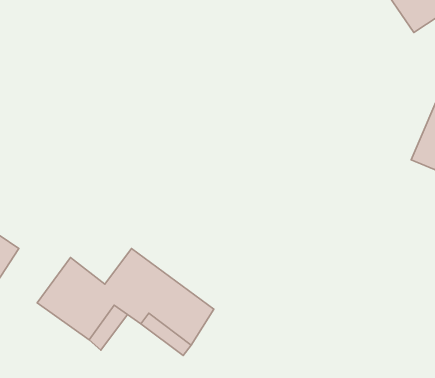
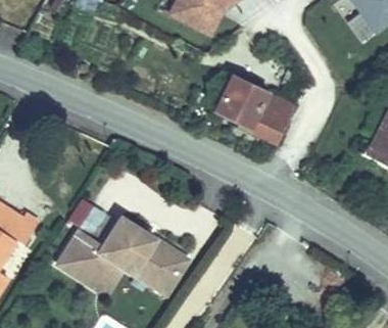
building: none -> [209,69,287,140]

